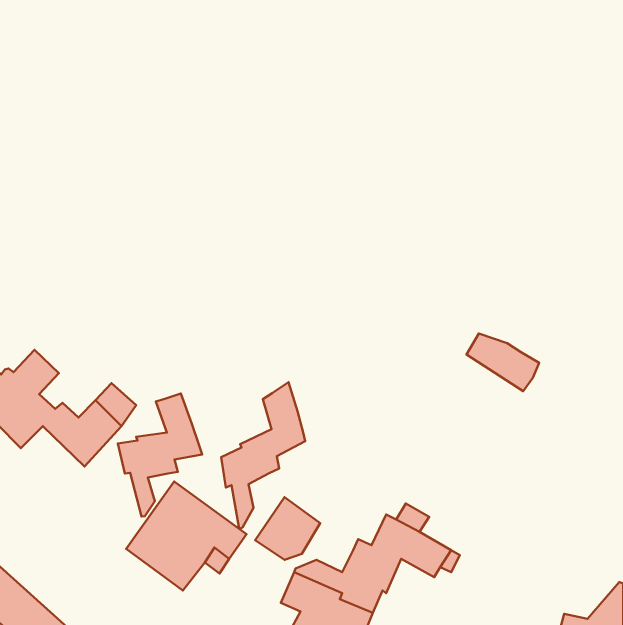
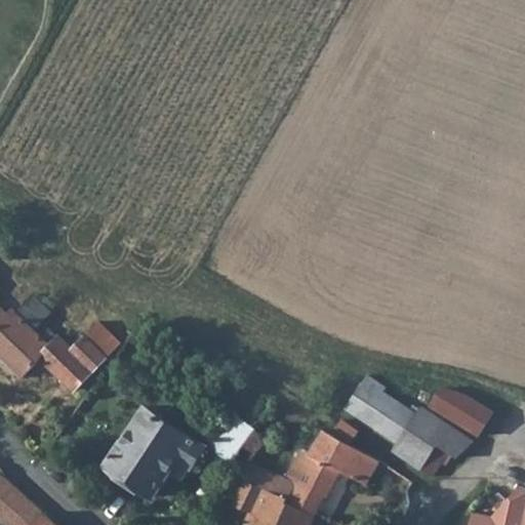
building: [467,333,539,391] -> [430,389,490,437]
building: [221,382,305,529] -> none
building: [118,394,202,516] -> none
building: none -> [344,376,471,477]

